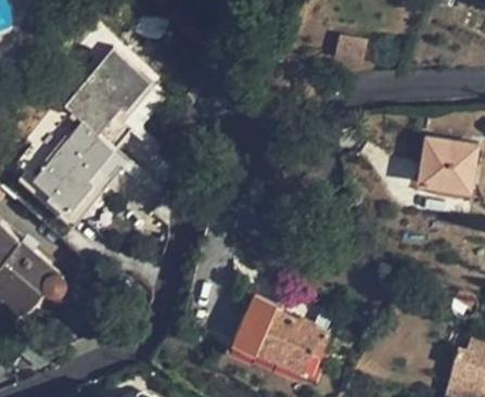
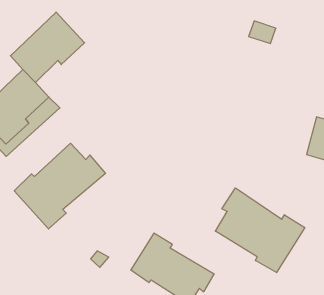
building: none -> [14,143,106,229]
building: none -> [215,188,305,273]

